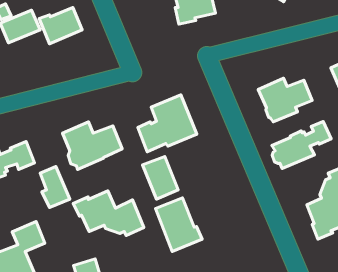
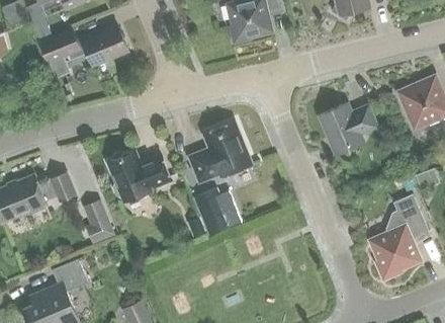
building: [272,121,331,169] -> none
building: [73,191,144,235] -> none
building: [156,198,202,251] -> none

